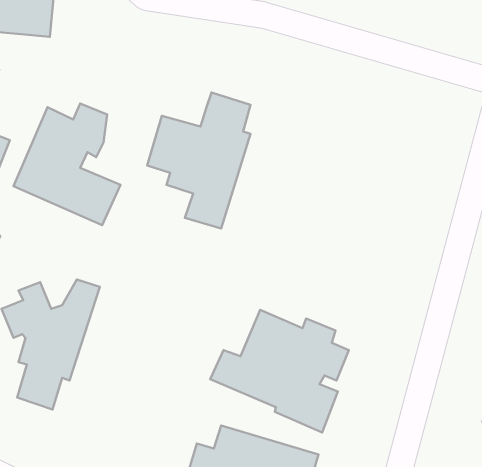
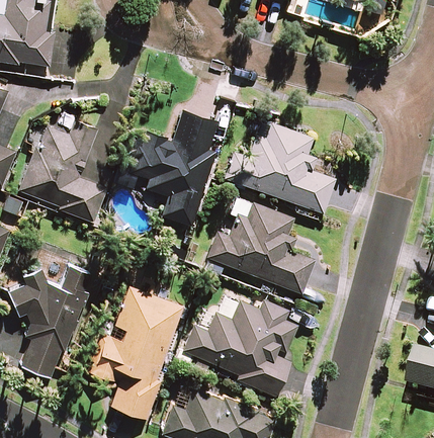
building: none -> [225,122,335,213]
building: none -> [207,197,314,293]
building: none -> [88,289,182,418]

